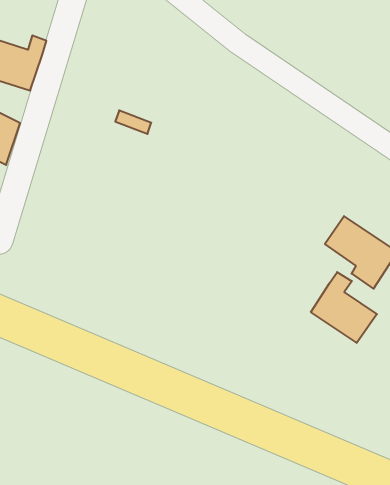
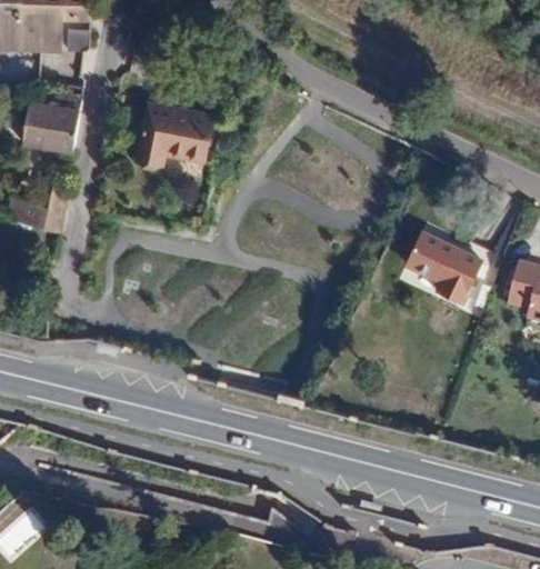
building: none -> [138,104,213,164]
building: [311,272,377,343] -> none

